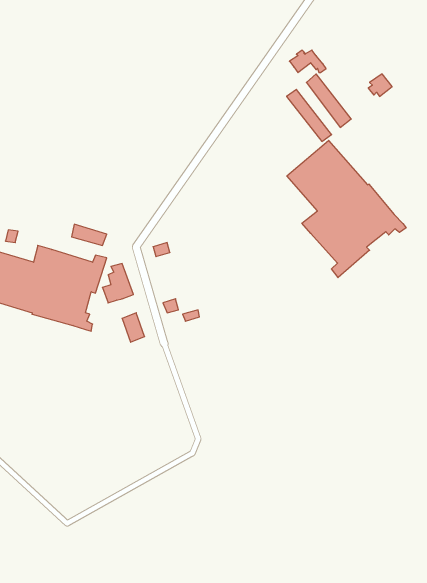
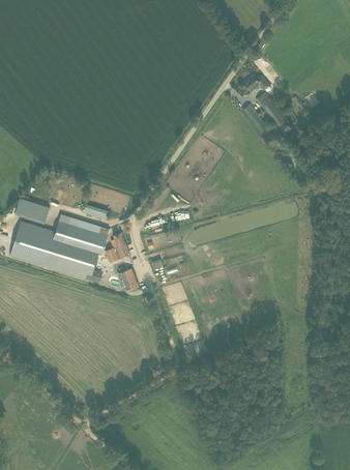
building: [287,140,406,278] -> none

